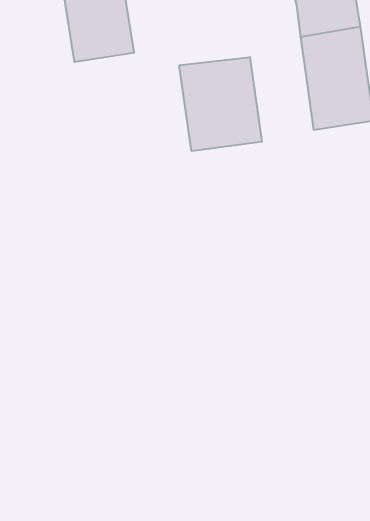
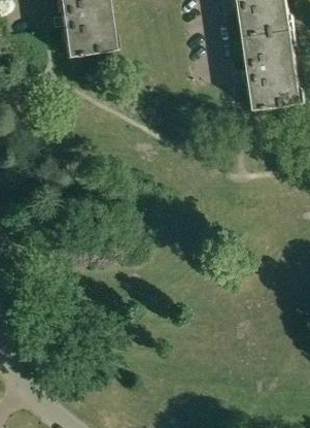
building: [179,57,262,151] -> none

